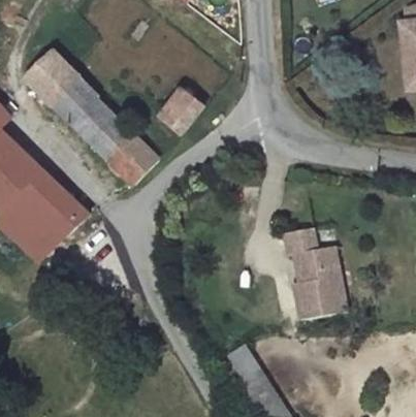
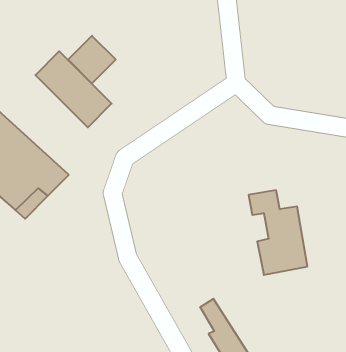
building: [25,50,76,101] -> [68,36,116,83]
building: [161,88,202,130] -> none
building: [107,132,157,182] -> none

